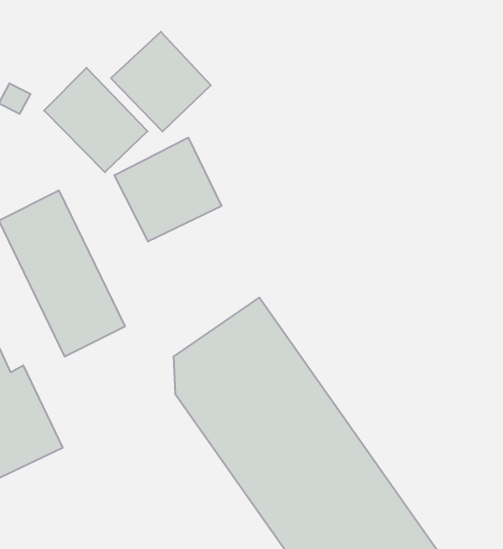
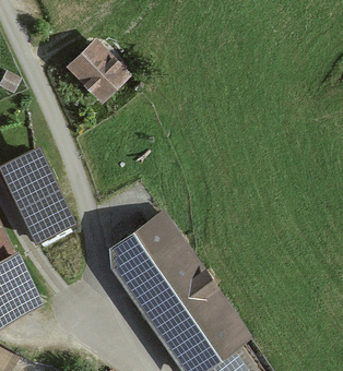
building: [44,68,148,172] -> none
building: [114,138,221,242] -> none

